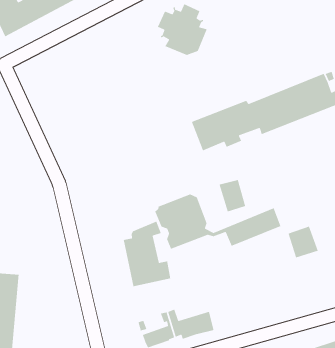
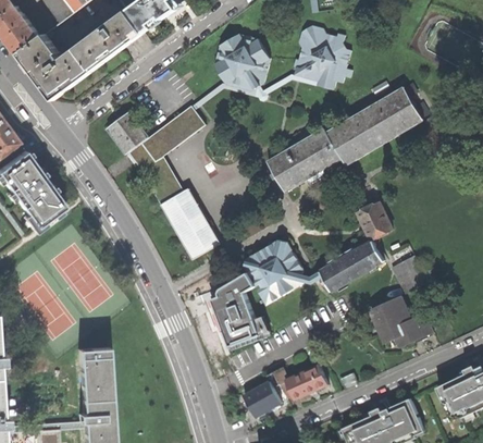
building: none -> [294,25,351,88]
building: none -> [106,106,220,259]
building: [219,179,246,213] -> [357,201,391,239]
building: none -> [369,296,431,346]

